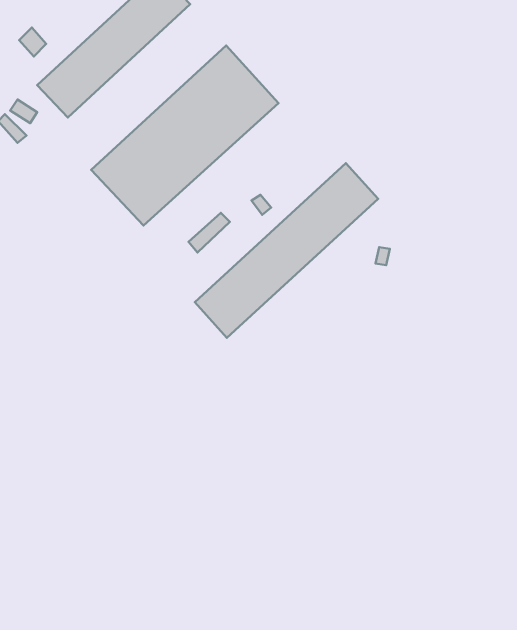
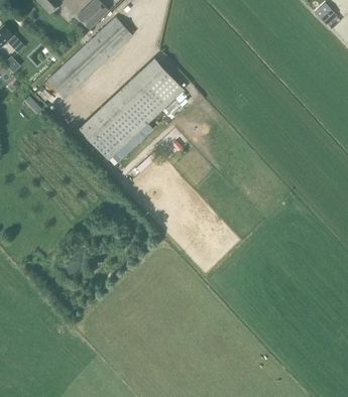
building: [195,163,378,338] -> none

